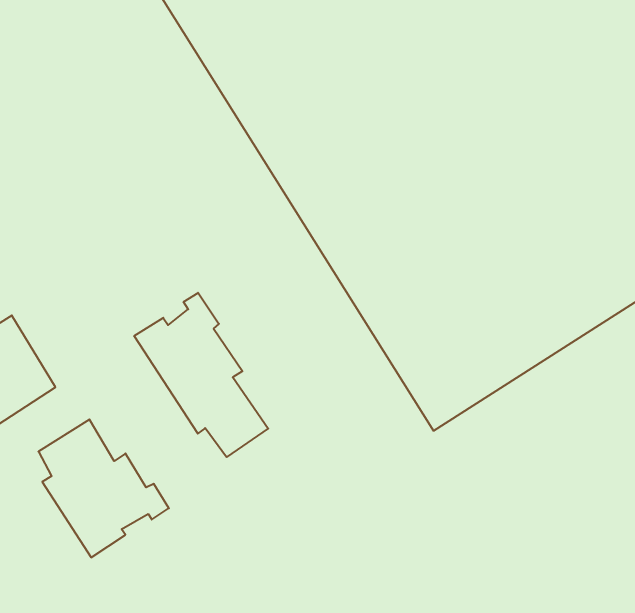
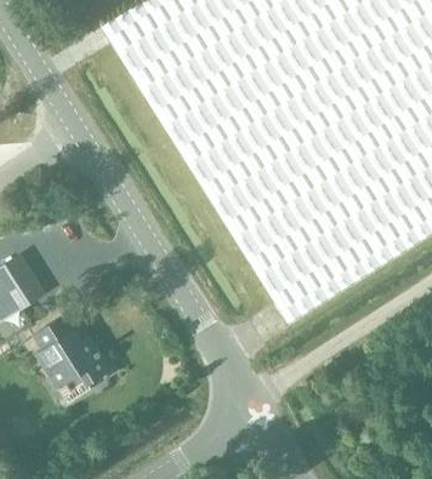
building: [134,293,268,457] -> none

